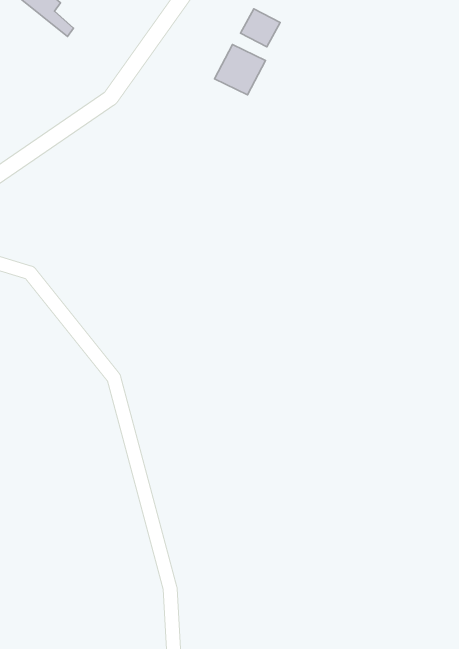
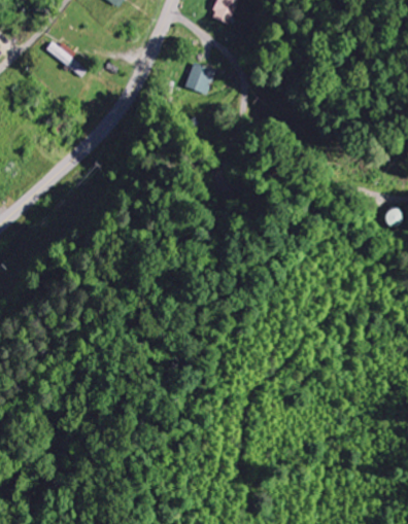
building: [240,9,280,47] -> none

